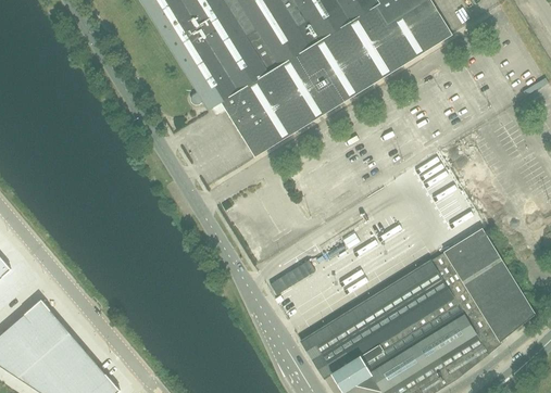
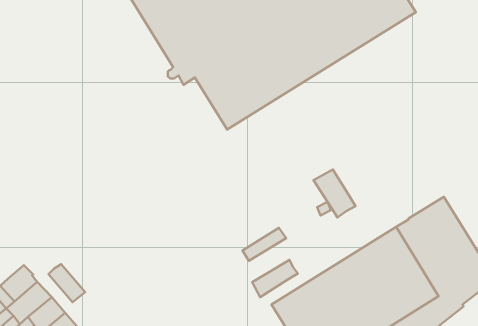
building: none -> [314,169,356,217]
building: none -> [252,260,298,297]
building: none -> [48,264,85,302]

